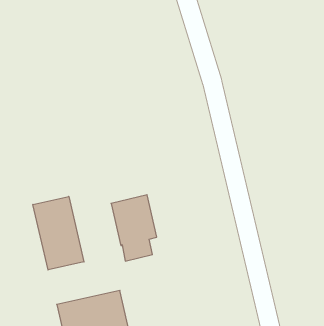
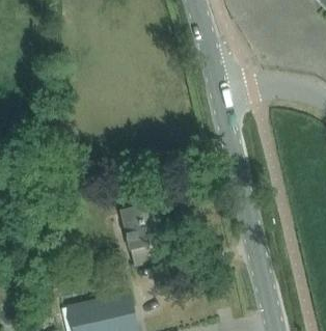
building: [33,196,84,270] -> none

